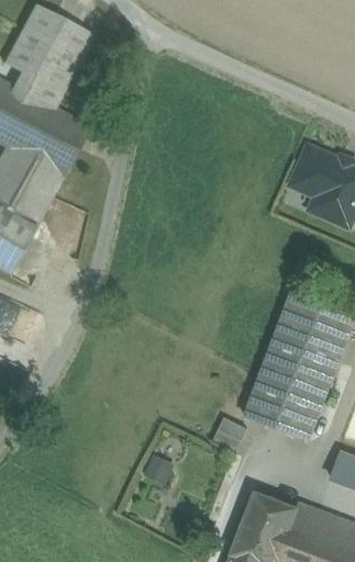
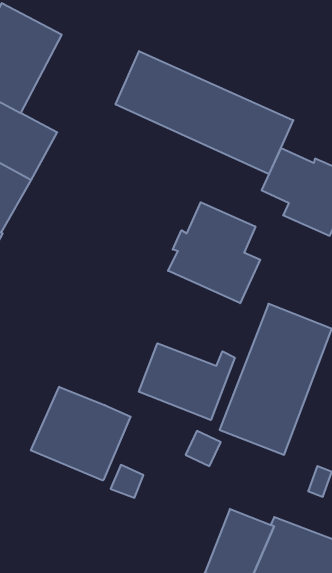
building: none -> [116,51,293,174]
building: none -> [168,202,260,303]
building: none -> [139,343,235,420]
building: none -> [31,387,131,480]

